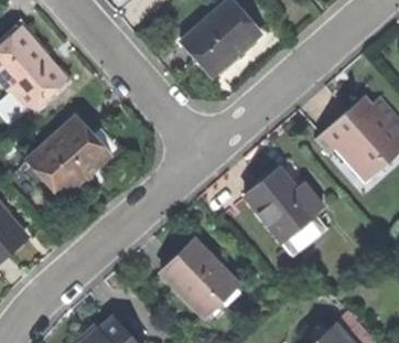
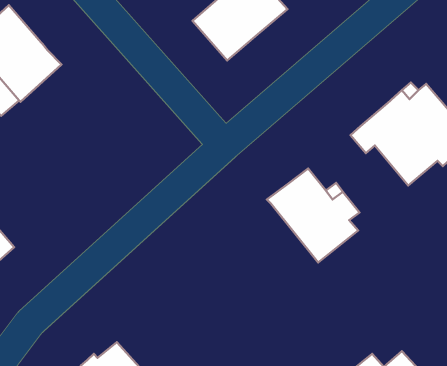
building: [26,116,109,197] -> none
building: [160,239,236,315] -> none

